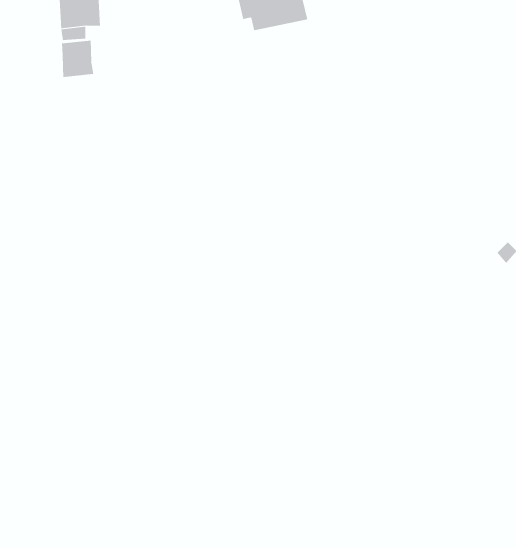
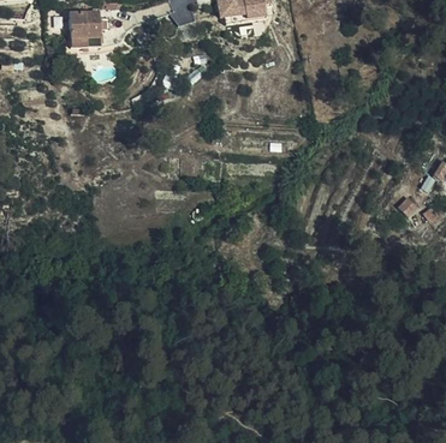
building: [62,40,94,78] -> none

